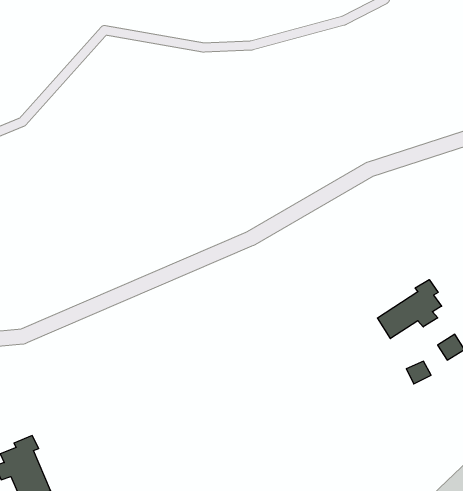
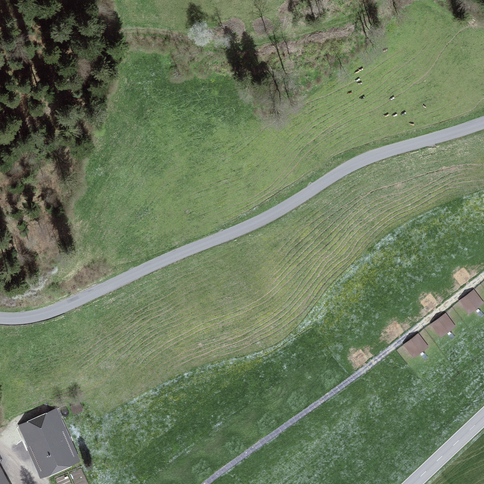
building: [377,280,442,339] -> none

